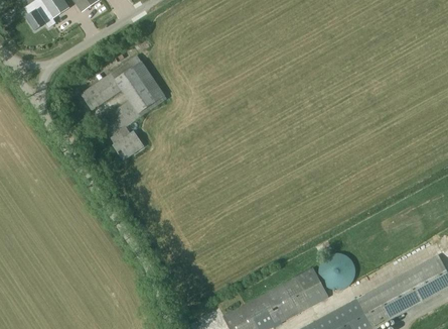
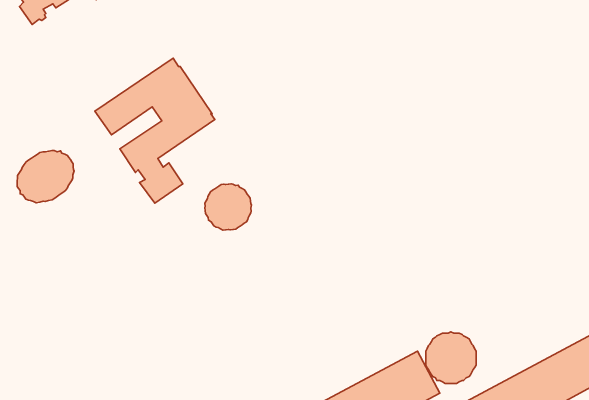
building: none -> [17,150,74,203]
building: none -> [205,184,252,230]

